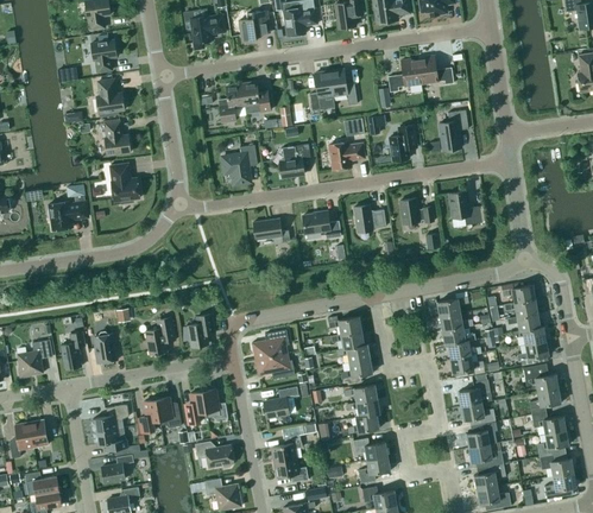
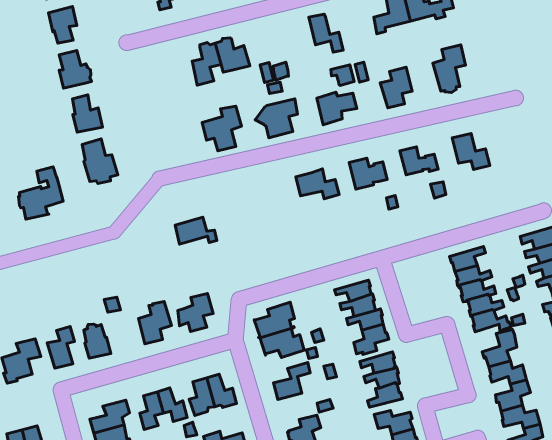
building: [308,70,334,110] -> none
building: [252,217,289,241] -> [175,217,217,244]

